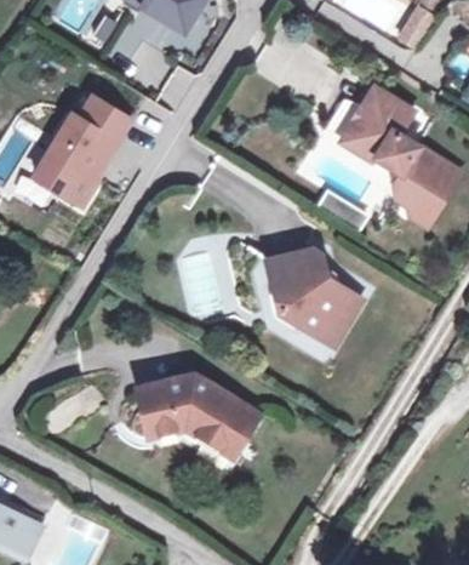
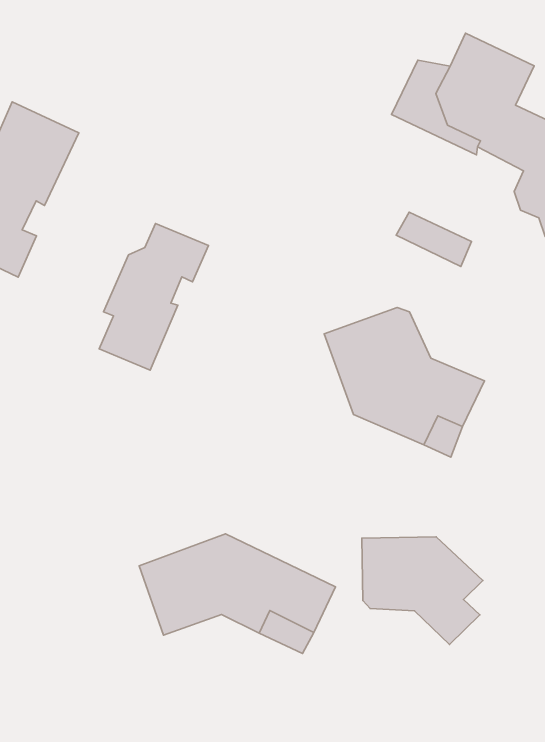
building: none -> [99,224,209,370]
building: none -> [362,537,483,644]

